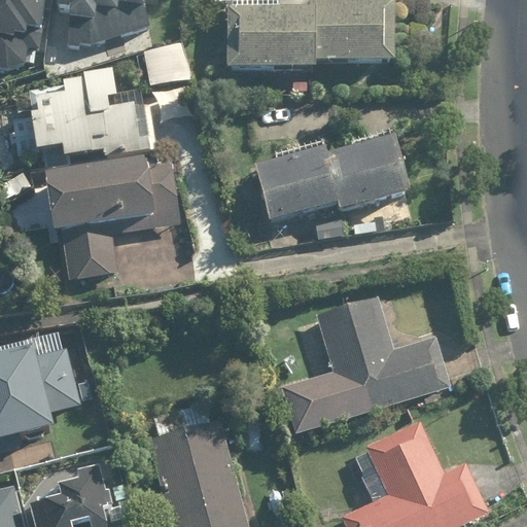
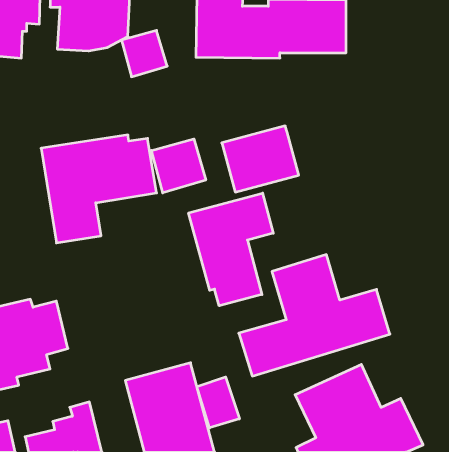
building: [31,67,152,159] -> none
building: [330,135,413,209] -> none
building: none -> [151,139,206,193]
building: none -> [189,193,273,306]
building: none -> [197,377,239,428]

